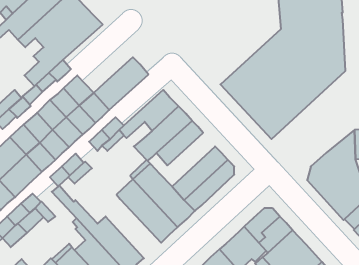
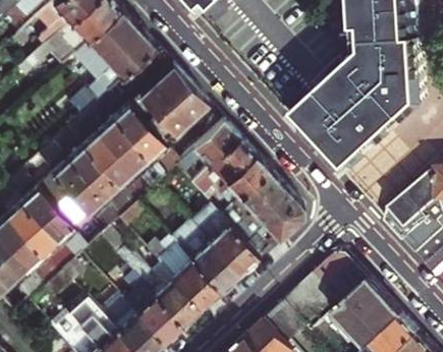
building: none -> [137,65,188,114]
building: none -> [218,169,280,229]
building: none -> [154,243,220,309]

